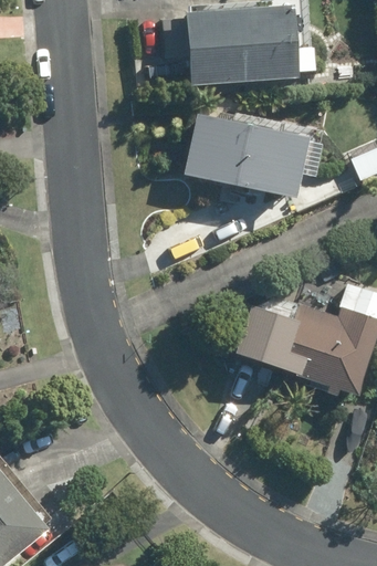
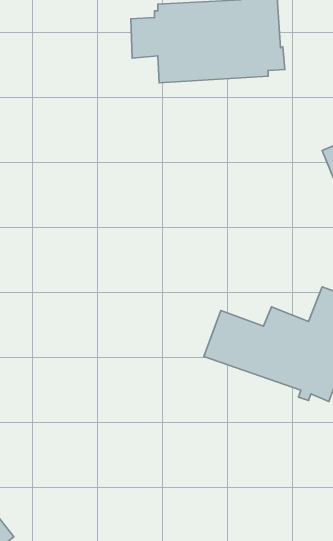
building: [181,113,320,198] -> none

